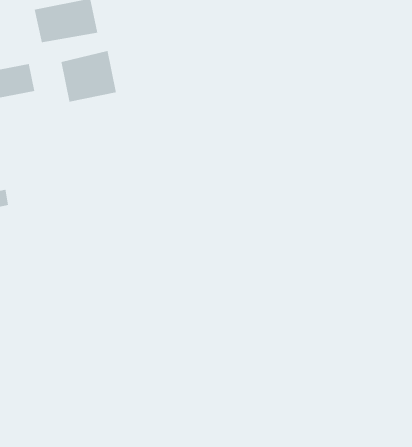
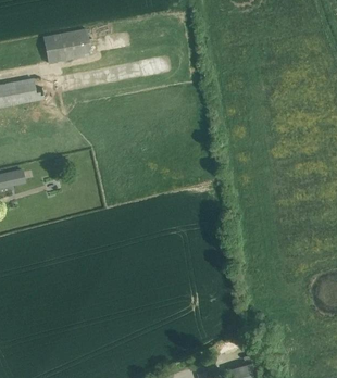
building: [61,50,117,102] -> none

